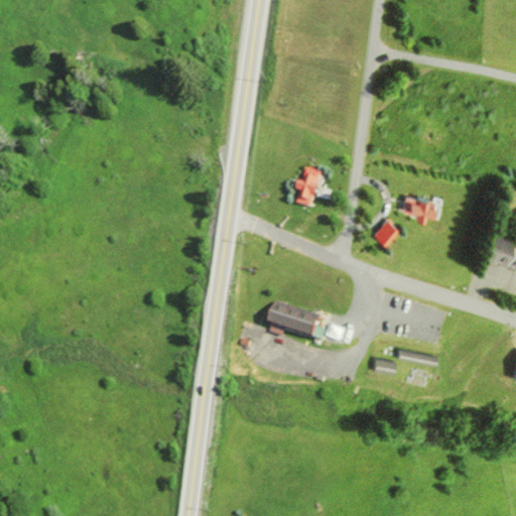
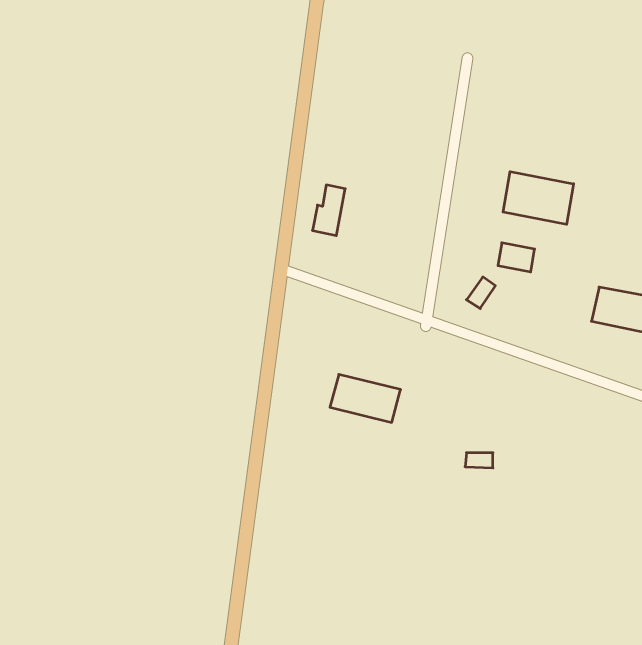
building: none -> [503,172,574,224]
building: [294,166,320,207] -> [312,185,345,236]

